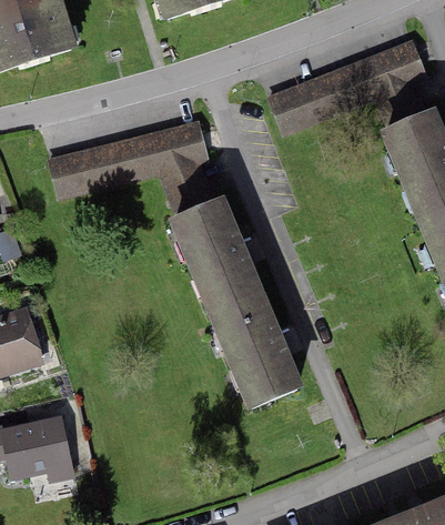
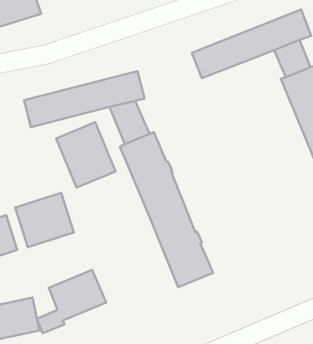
building: none -> [56,122,116,188]
building: none -> [15,193,74,247]
building: none -> [37,270,106,333]

